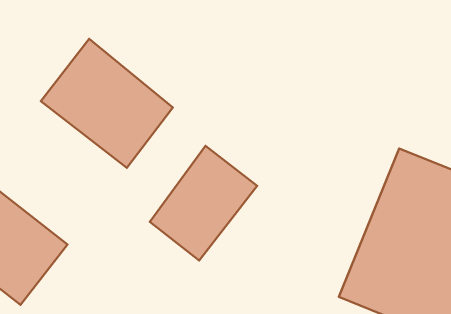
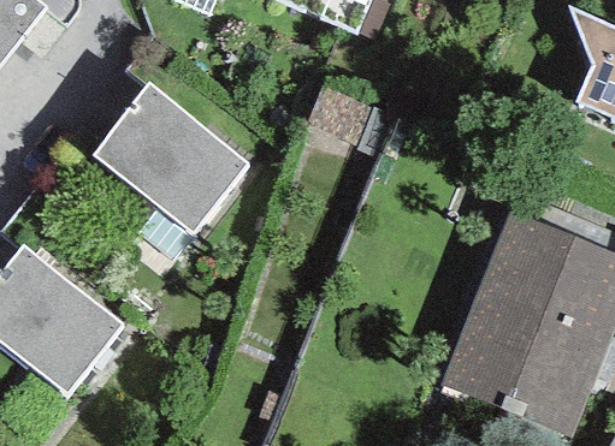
building: [150,146,257,261] -> none

